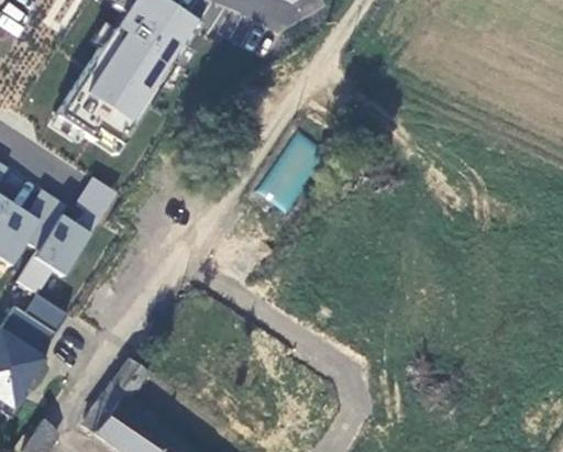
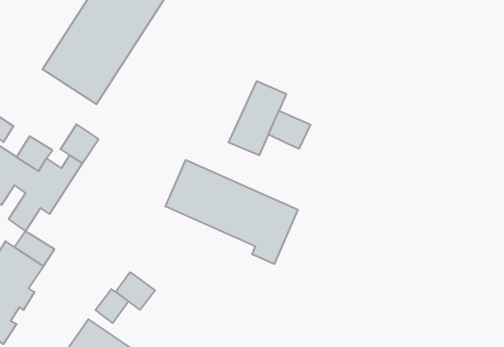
building: none -> [268,111,310,149]
building: none -> [165,160,298,264]
building: none -> [116,272,155,310]

